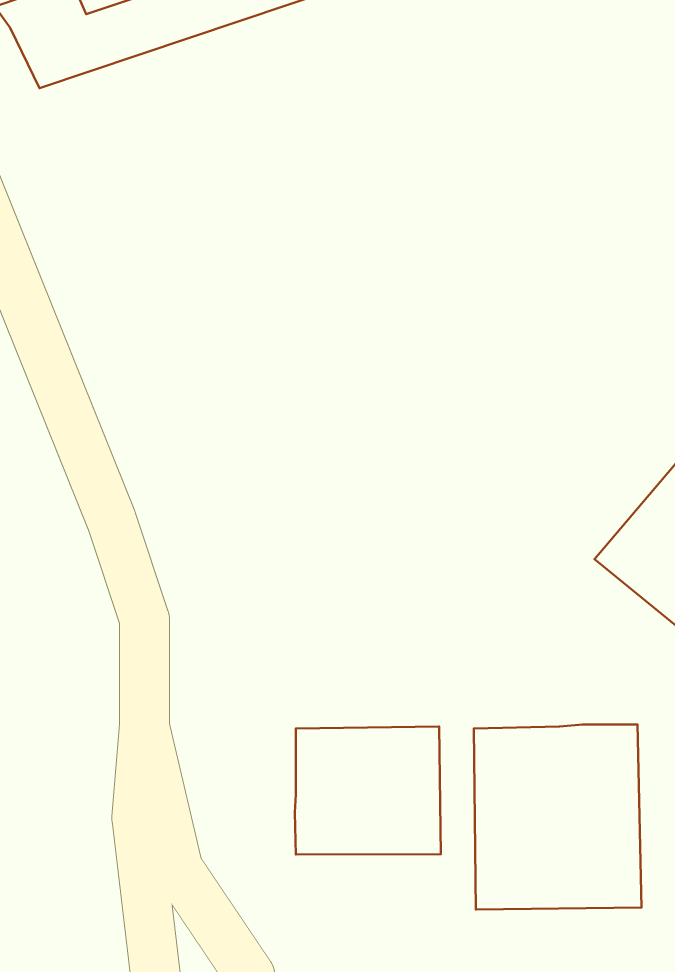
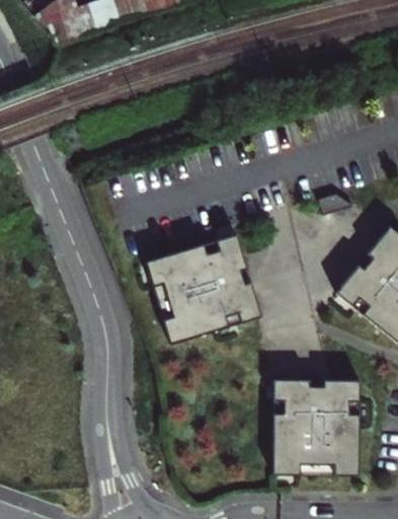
building: none -> [140,232,257,344]
building: [295,727,441,854] -> none

